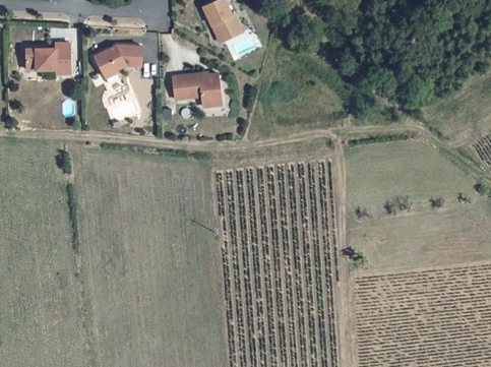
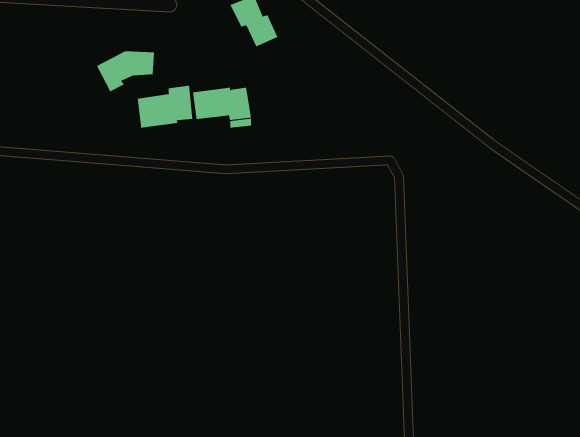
building: [26,44,71,74] -> none
building: none -> [137,85,193,128]

